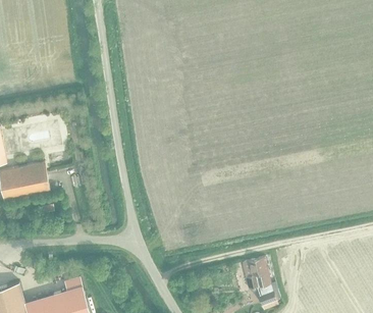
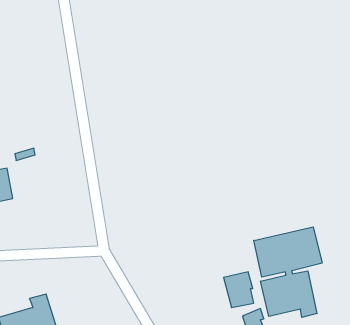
building: none -> [254,227,322,317]

